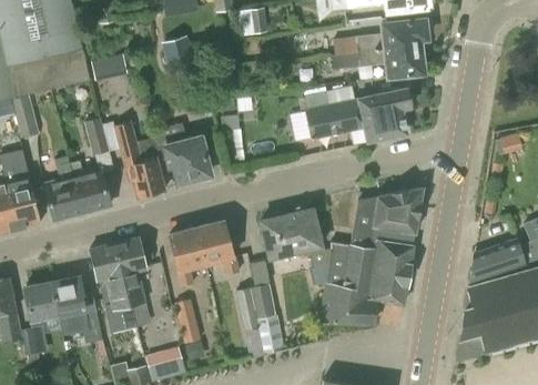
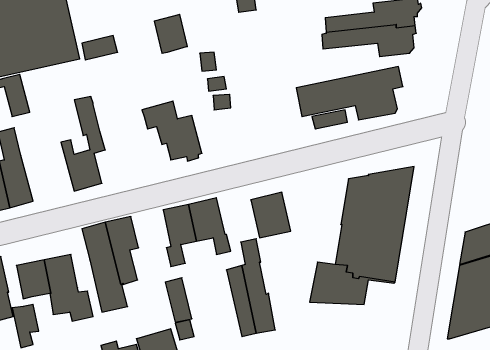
building: [102,121,165,197] -> none
building: [45,156,83,219] -> none
building: [291,209,351,285] -> none

